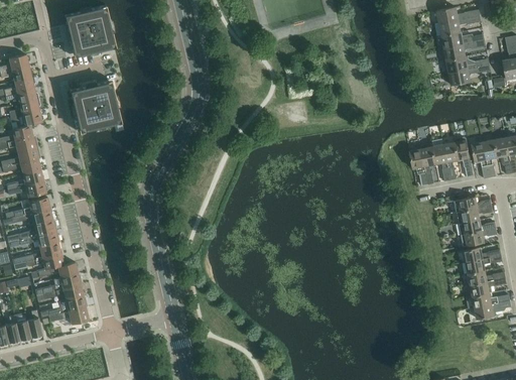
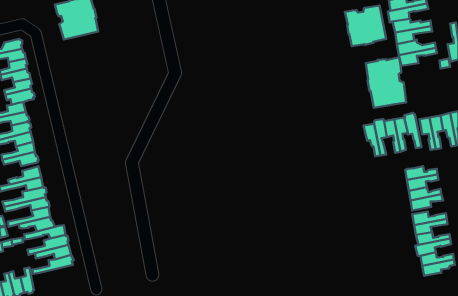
building: none -> [345,5,386,46]
building: none -> [366,57,406,108]
building: [72,82,120,130] -> none
building: [48,306,89,324] -> none

